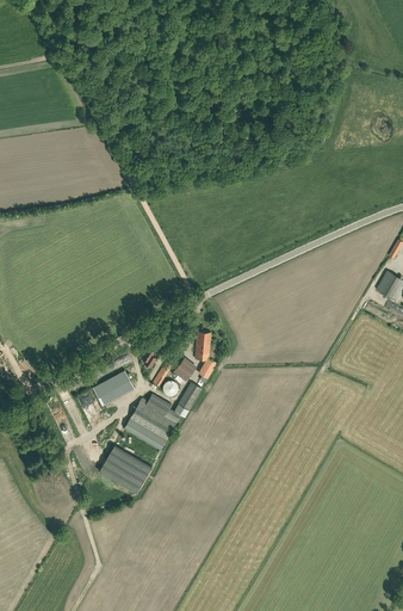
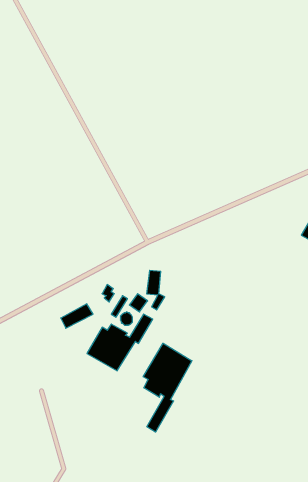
building: none -> [143,343,192,432]
building: [98,444,150,493] -> none

